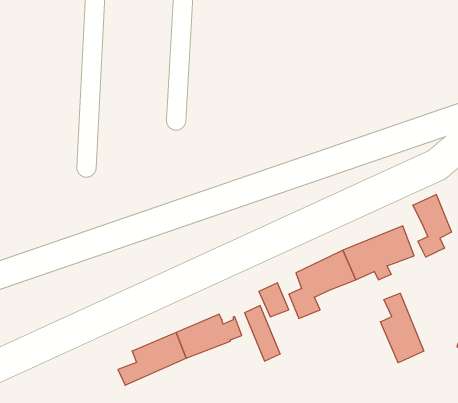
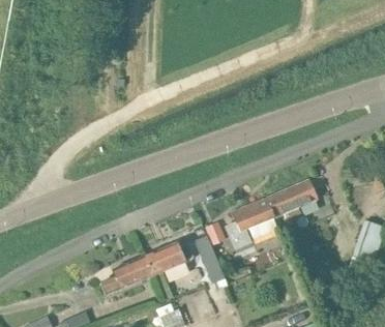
building: [413,194,451,257] -> none
building: [380,293,424,363] -> none

